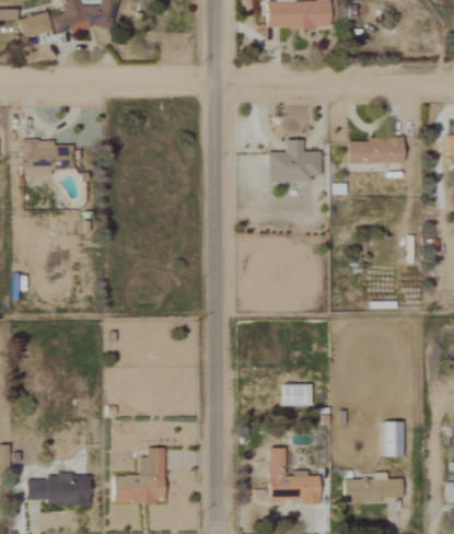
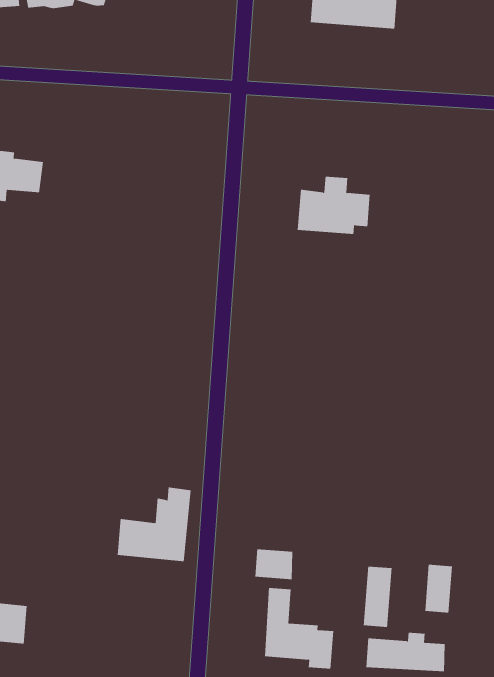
building: [349,138,405,163] -> none
building: [283,384,312,405] -> [254,549,293,580]
building: none -> [363,566,392,628]
building: [114,448,165,502] -> [117,487,191,562]

